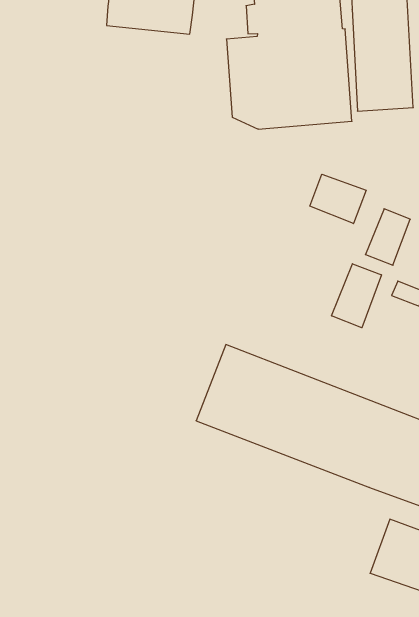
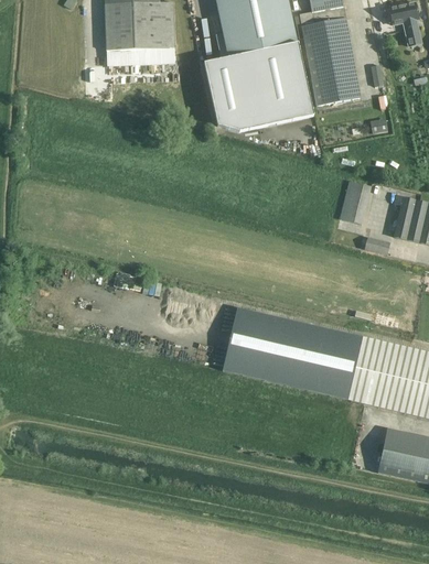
building: [310,174,366,224] -> none
building: [332,264,381,328] -> none

